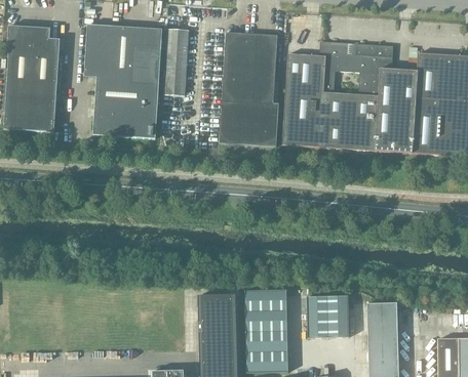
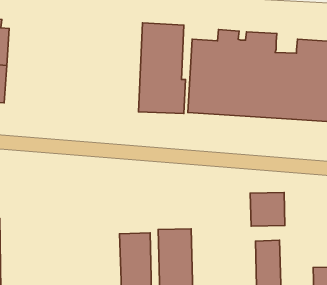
building: [84,25,162,139] -> none
building: [163,29,189,96] -> none
building: [306,296,349,338] -> [250,192,285,226]

